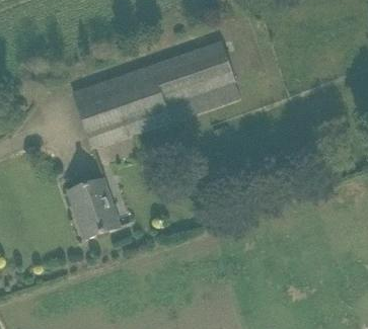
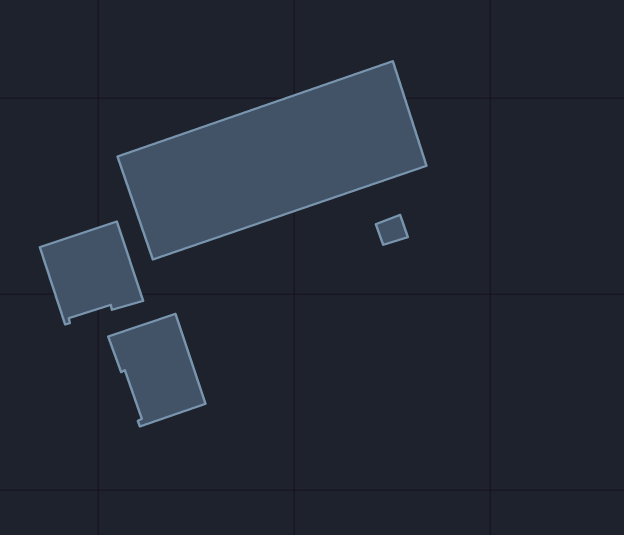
building: none -> [40,221,143,325]

